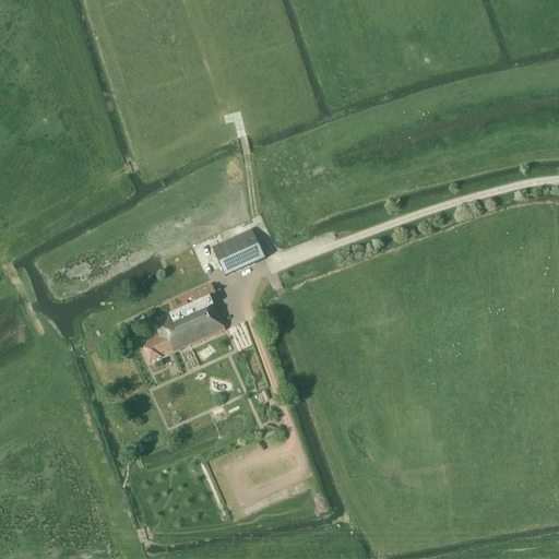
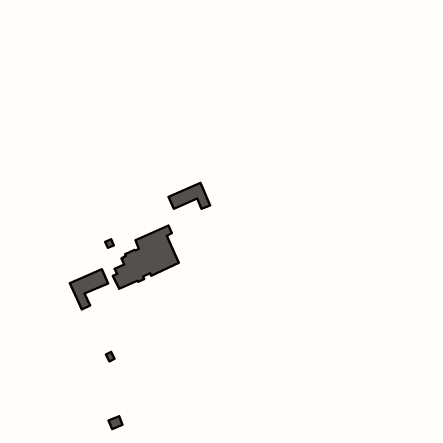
building: none -> [70,269,108,309]

